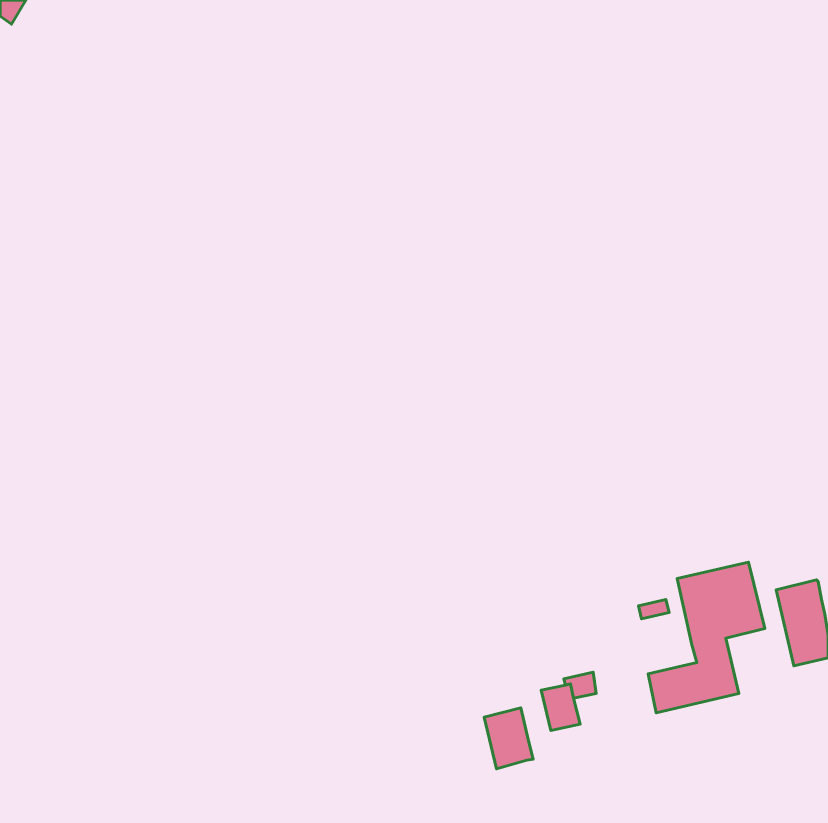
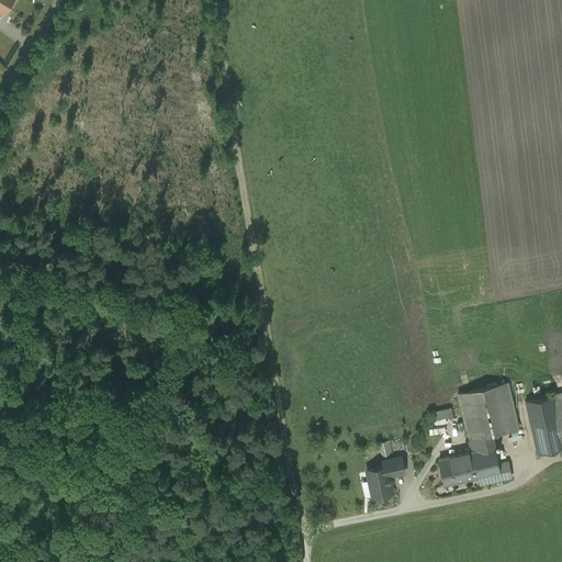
building: [484,708,533,769] -> none

